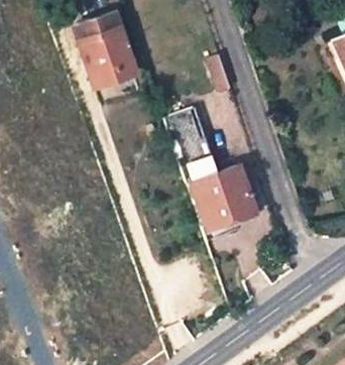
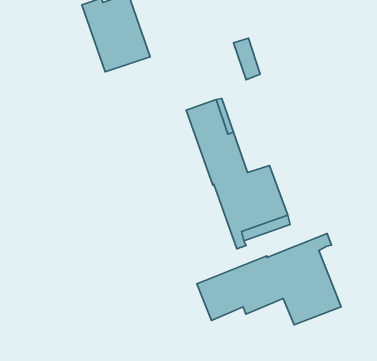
building: none -> [197,234,341,325]

